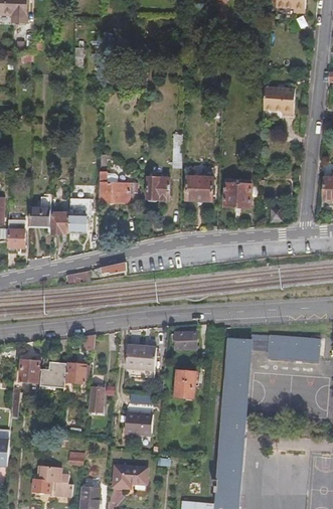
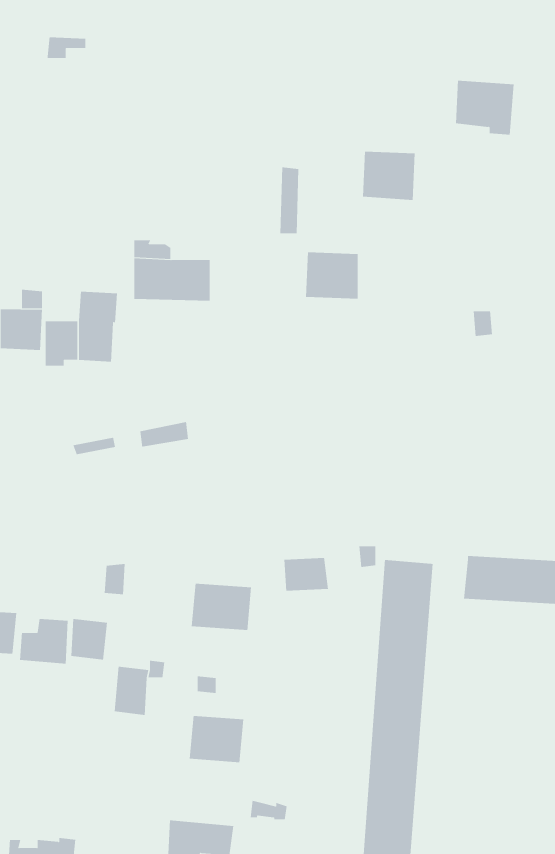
building: [146,177,169,201] -> none
building: [225,181,253,206] -> [362,151,415,201]
building: [175,370,197,396] -> none

